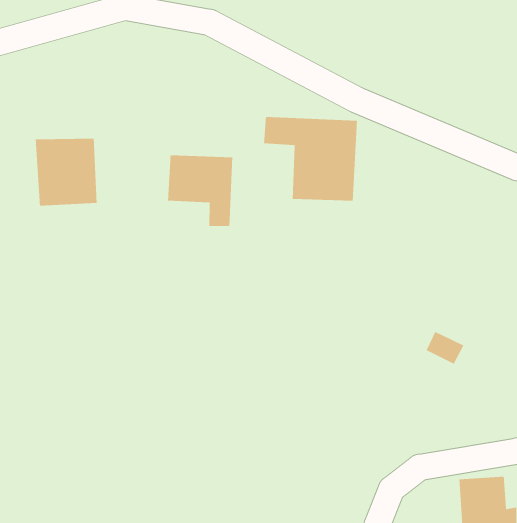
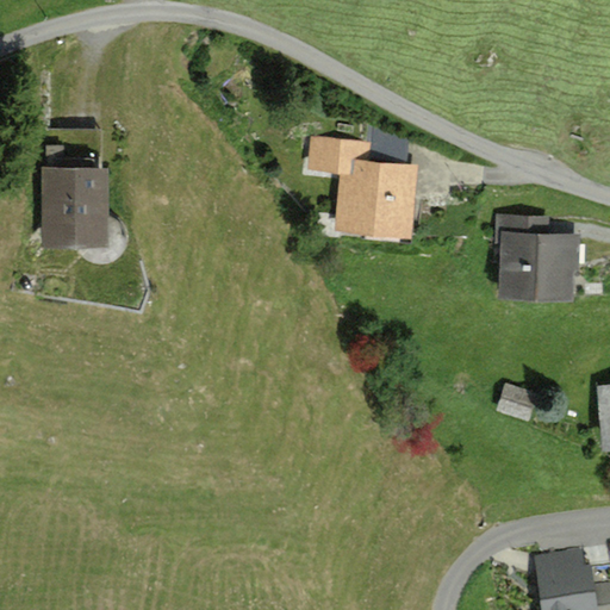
building: [167,155,233,227] -> none
building: none -> [500,231,577,300]

